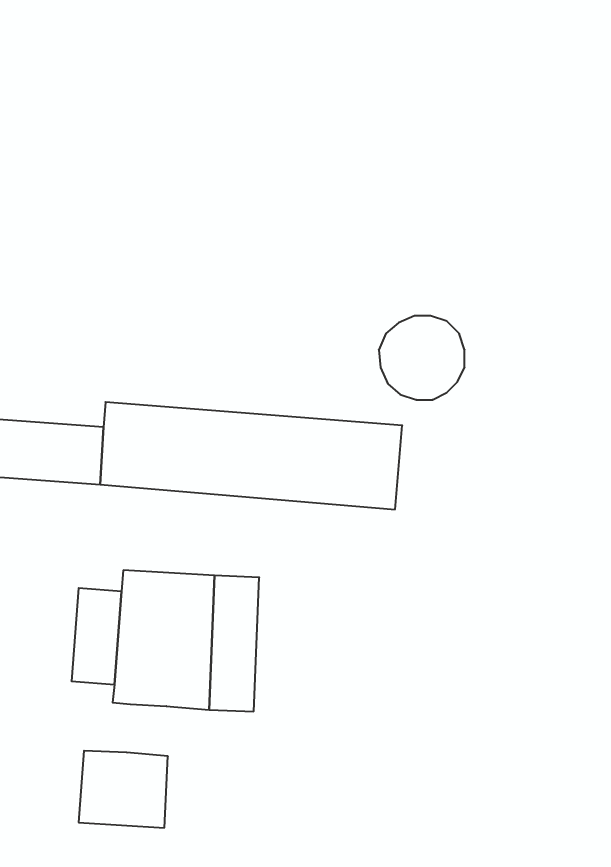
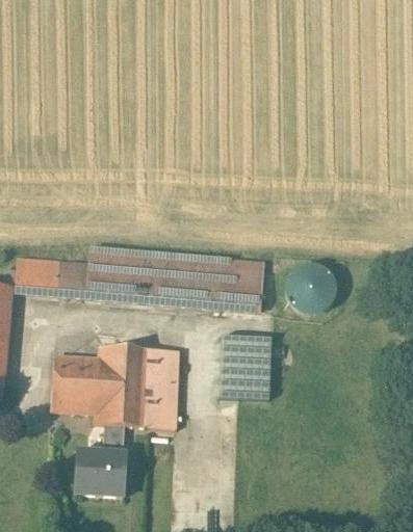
building: [379,316,465,400] -> [286,265,336,314]
building: none -> [220,335,272,399]
building: none -> [52,355,75,410]
building: none -> [103,424,126,454]

